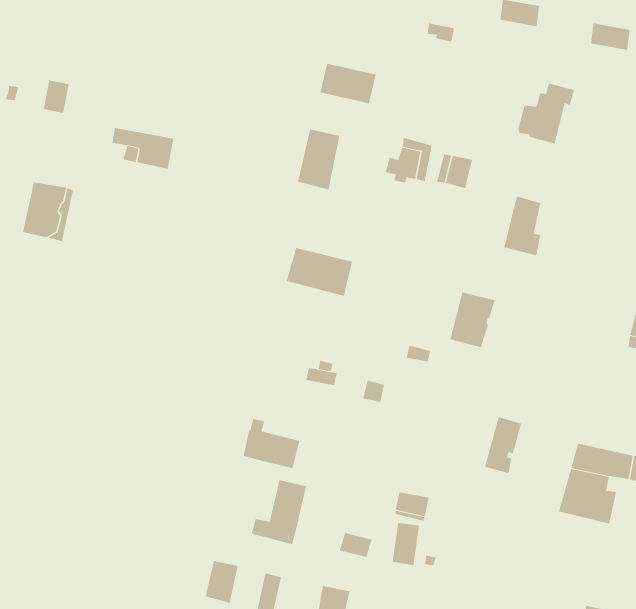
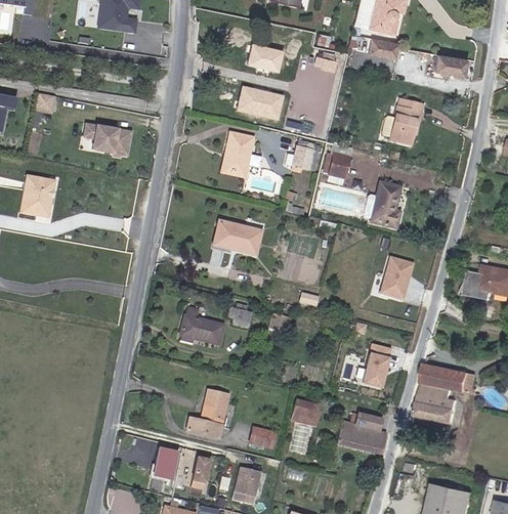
building: none -> [246,44,279,70]
building: [449,292,495,348] -> [376,260,410,301]
building: [243,418,300,469] -> [181,307,223,344]
building: none -> [337,413,385,454]

